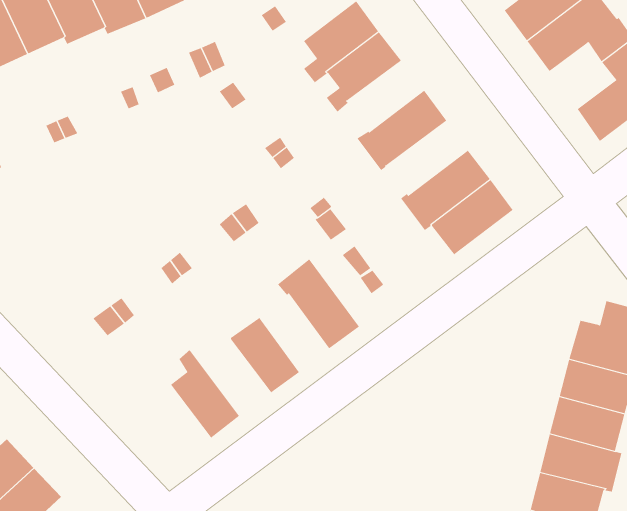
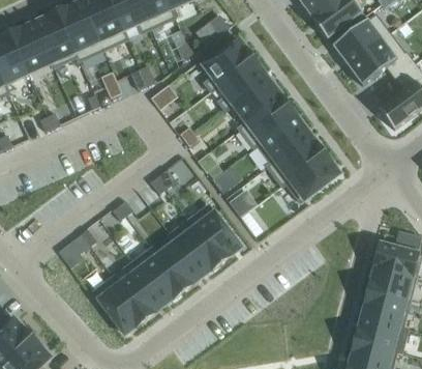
building: none -> [232,77,281,122]
building: none -> [257,115,309,163]
building: none -> [169,226,220,276]
building: none -> [131,247,183,304]
building: none -> [93,275,145,333]

